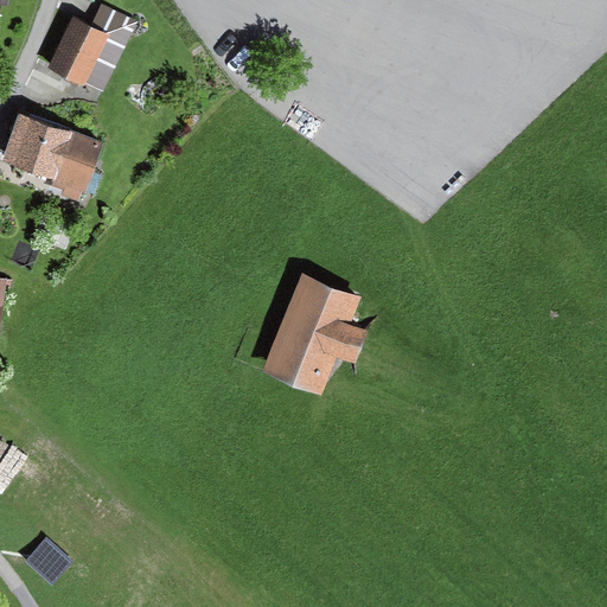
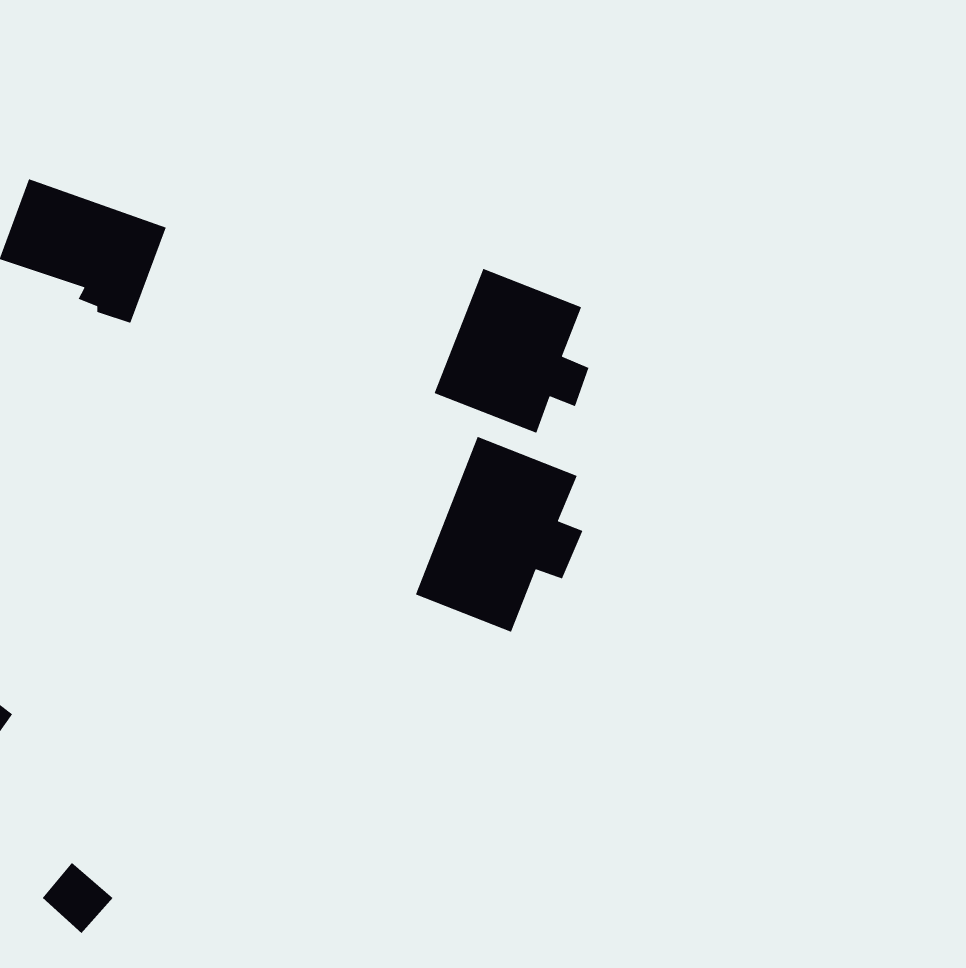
building: [47,5,135,92] -> none
building: none -> [434,268,589,434]

